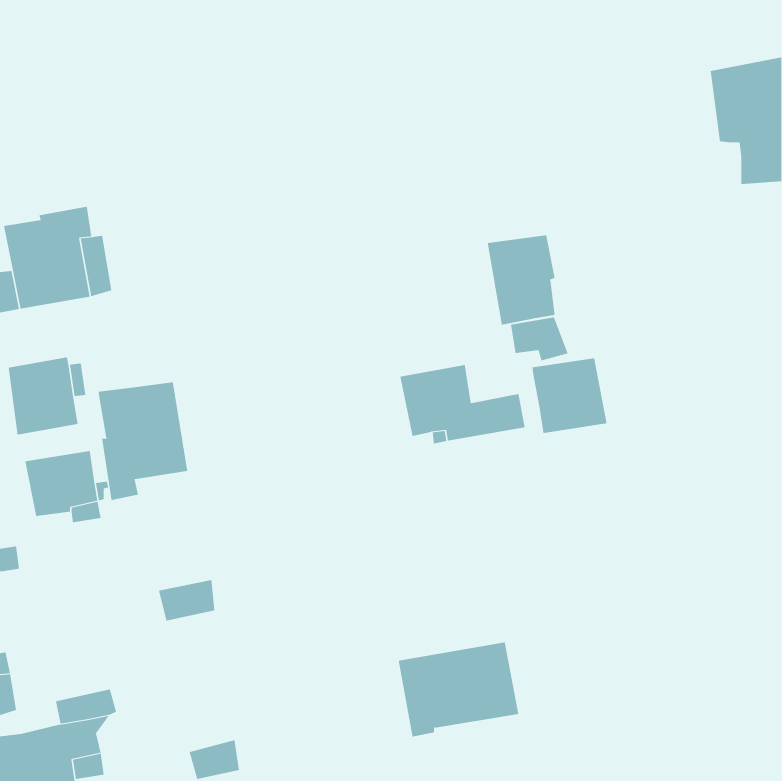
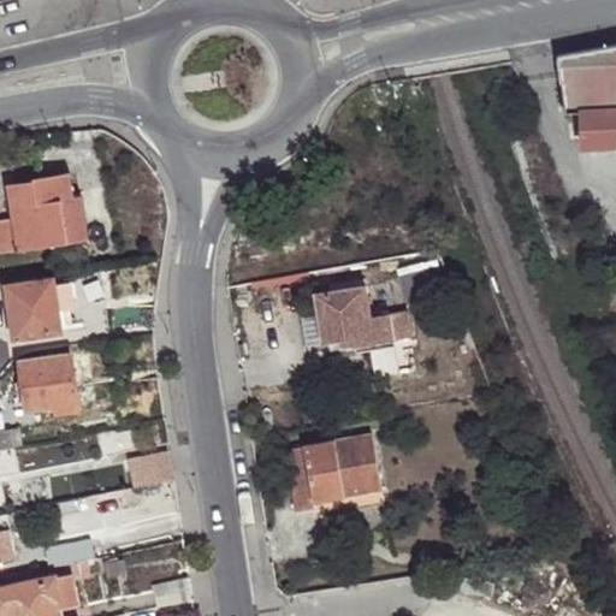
building: [487,234,555,325] -> none
building: [532,357,607,434] -> none
building: [98,381,188,501] -> none
building: [398,642,519,737] -> [285,437,380,511]

